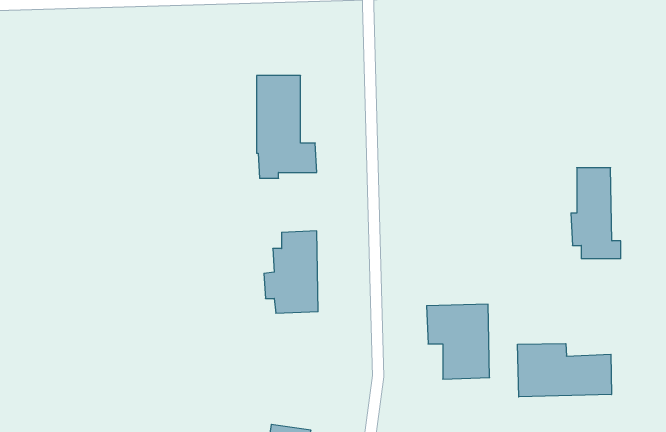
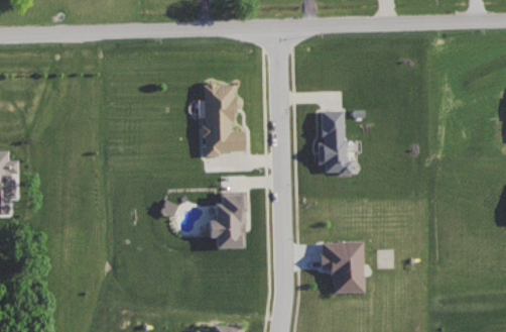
building: [571,168,621,259] -> [317,111,351,174]
building: [518,344,611,397] -> none

